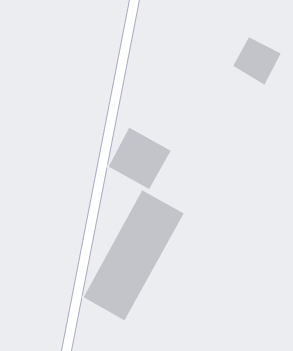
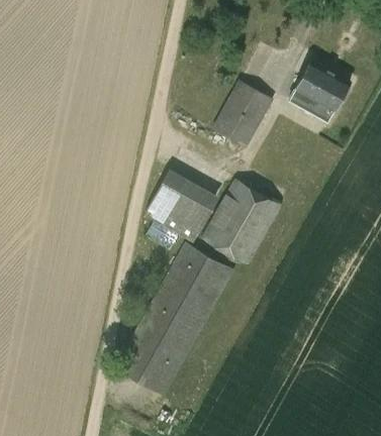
building: none -> [211,75,273,148]
building: none -> [202,180,281,264]

